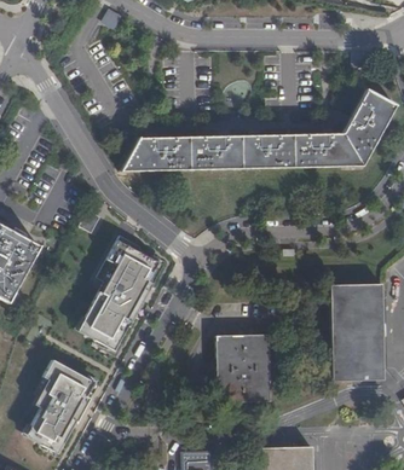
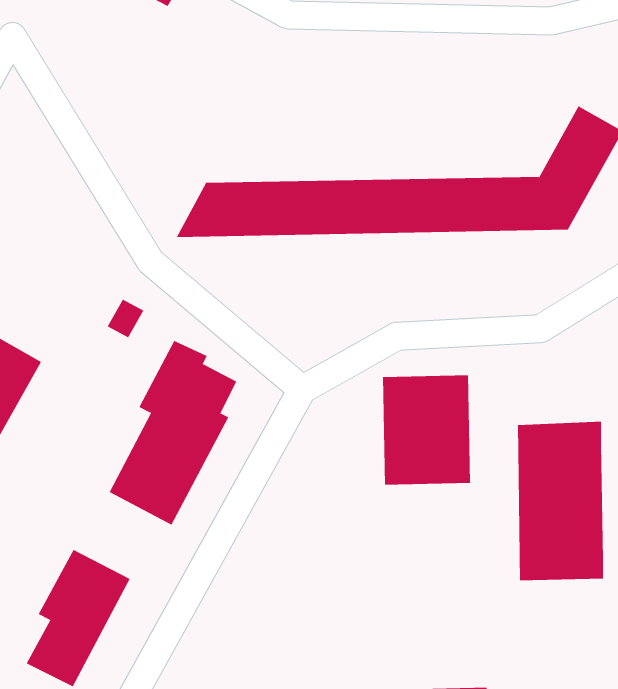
building: [215,333,270,401] -> [382,375,471,485]

